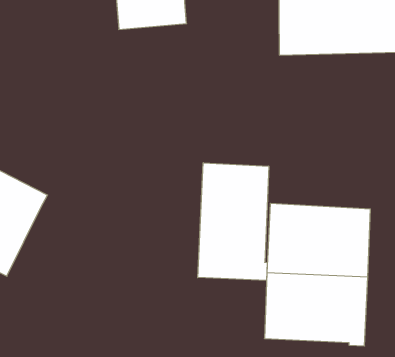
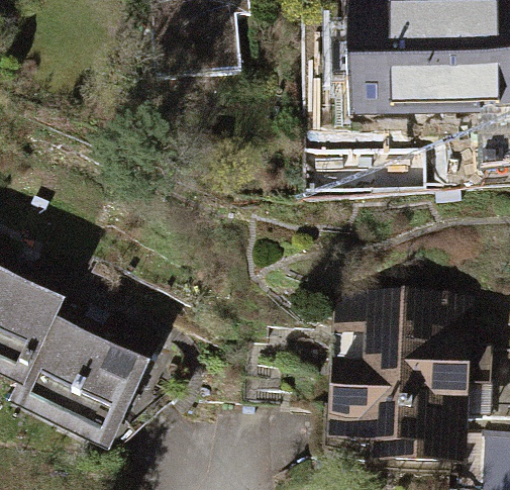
building: [198,163,269,280] -> none
building: none -> [16,296,152,443]

